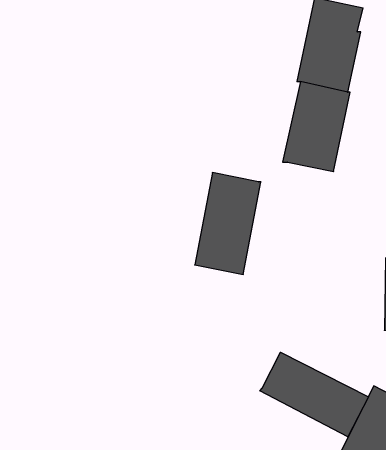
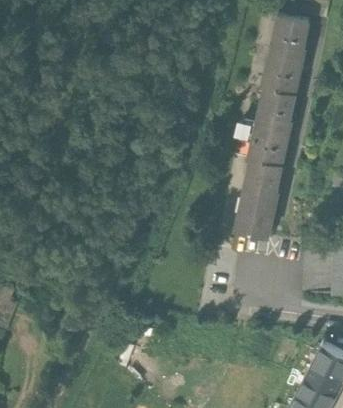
building: [195,173,261,274] -> [233,153,289,239]
building: [260,352,368,437] -> none

